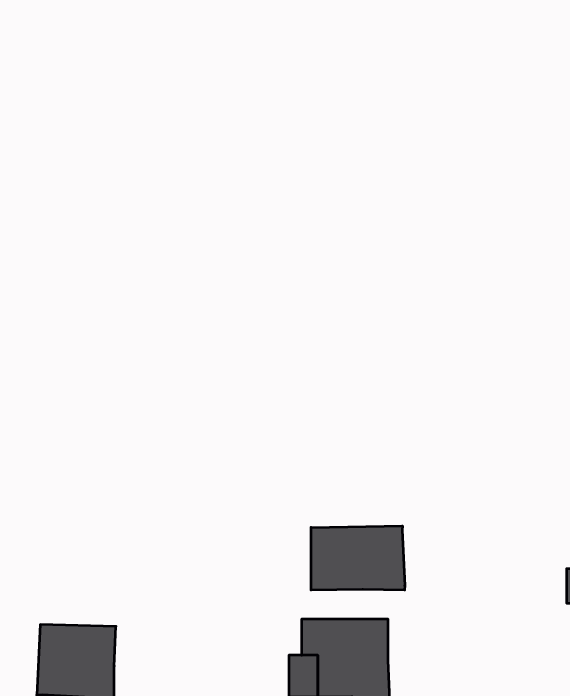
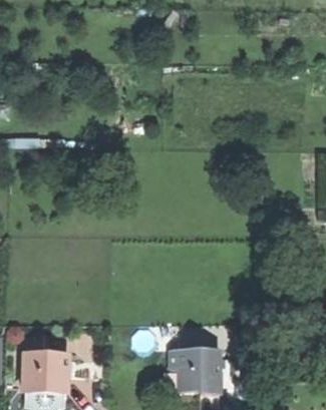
building: [311,526,405,590] -> none

